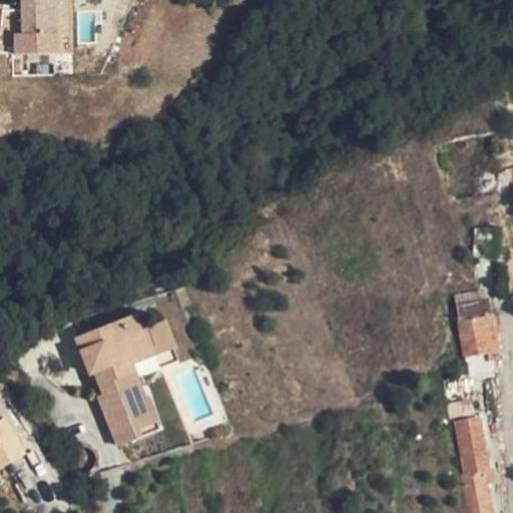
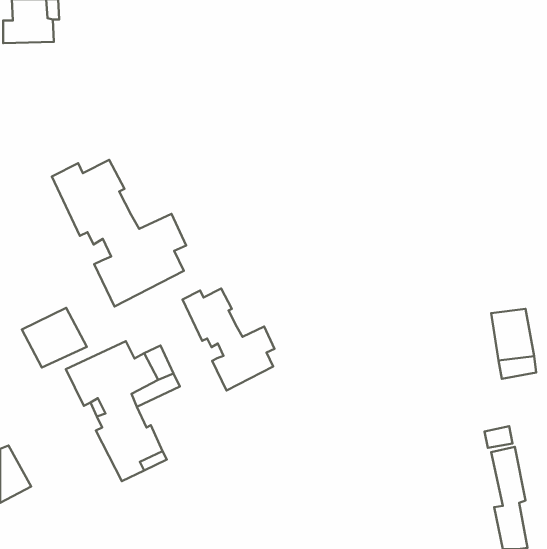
building: none -> [52,160,186,307]
building: none -> [182,288,274,391]
building: none -> [22,308,87,367]

